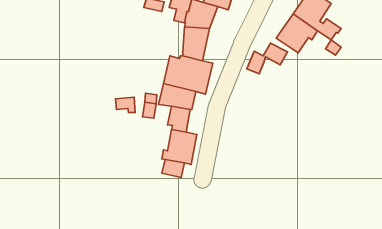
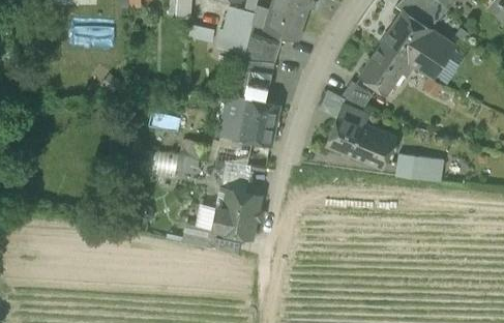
building: none -> [415,30,453,62]
building: none -> [327,106,395,163]
building: none -> [395,154,429,180]

